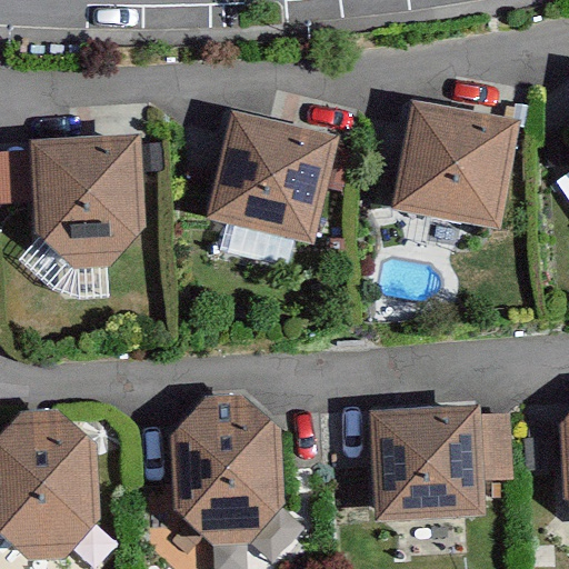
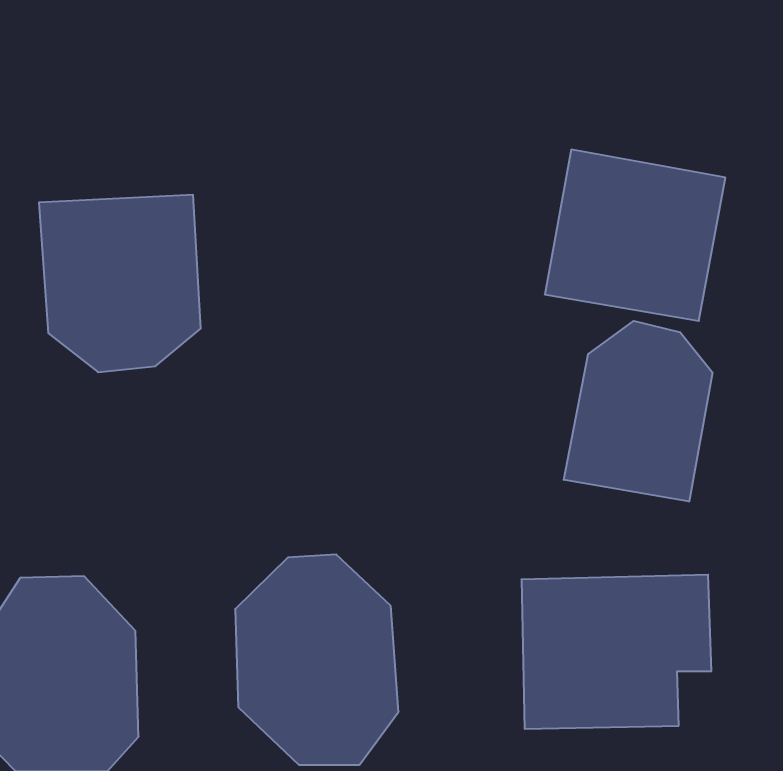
building: [207,116,333,243] -> none
building: none -> [564,321,712,502]

